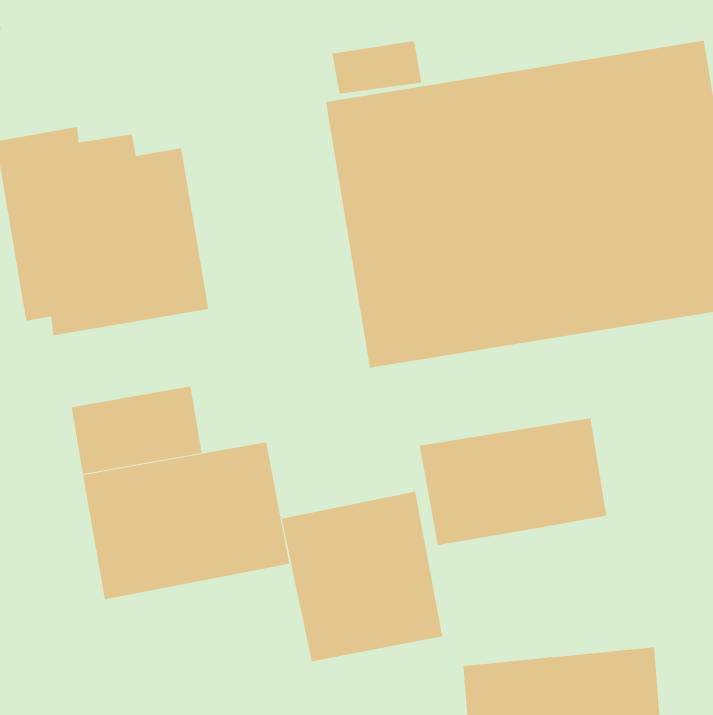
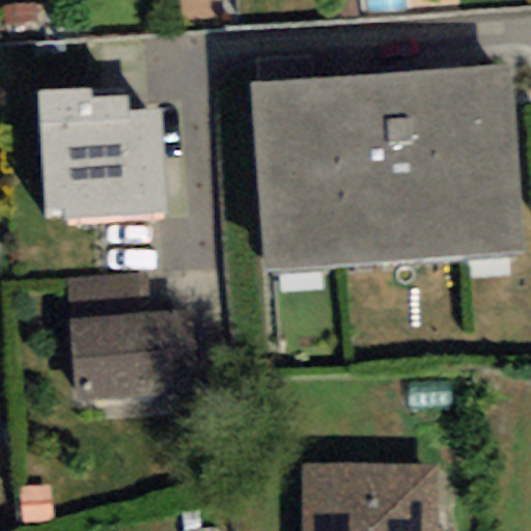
building: [419,418,607,546] -> none
building: [281,491,443,662] -> none

